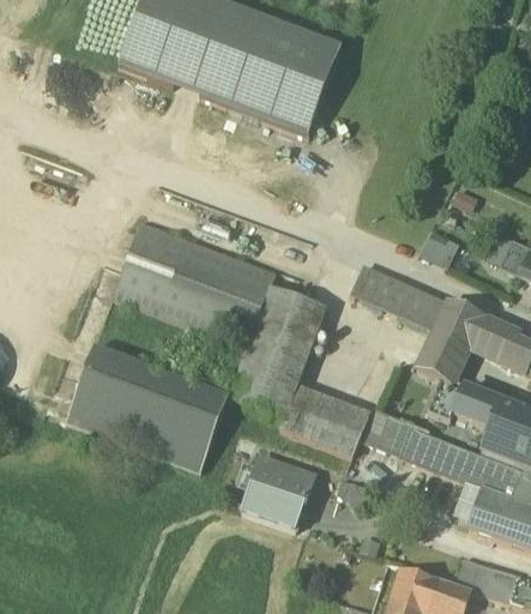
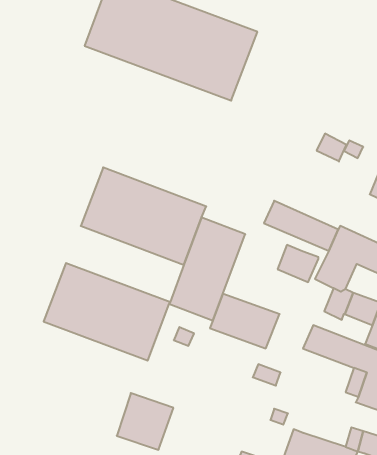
building: [418,231,457,267] -> [317,134,346,162]
building: [361,408,414,456] -> [278,245,318,282]
building: [242,456,315,529] -> [117,393,173,450]

